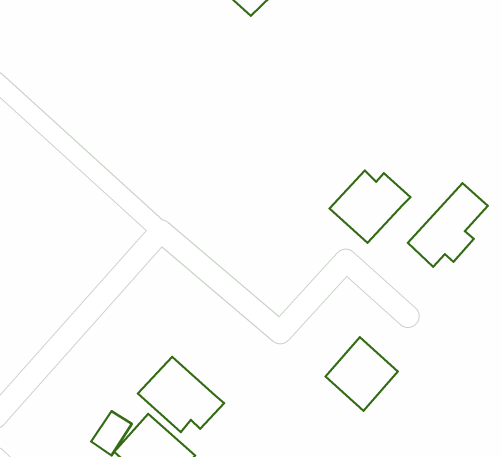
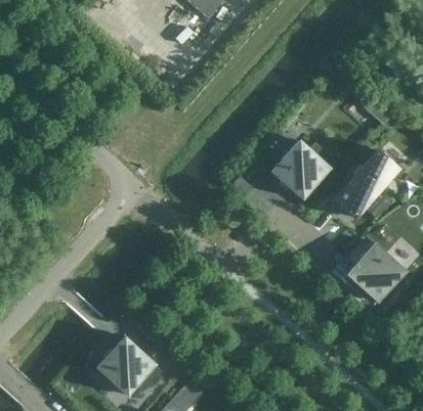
building: [325,337,398,411] -> [345,243,404,303]
building: [138,357,224,432] -> none

